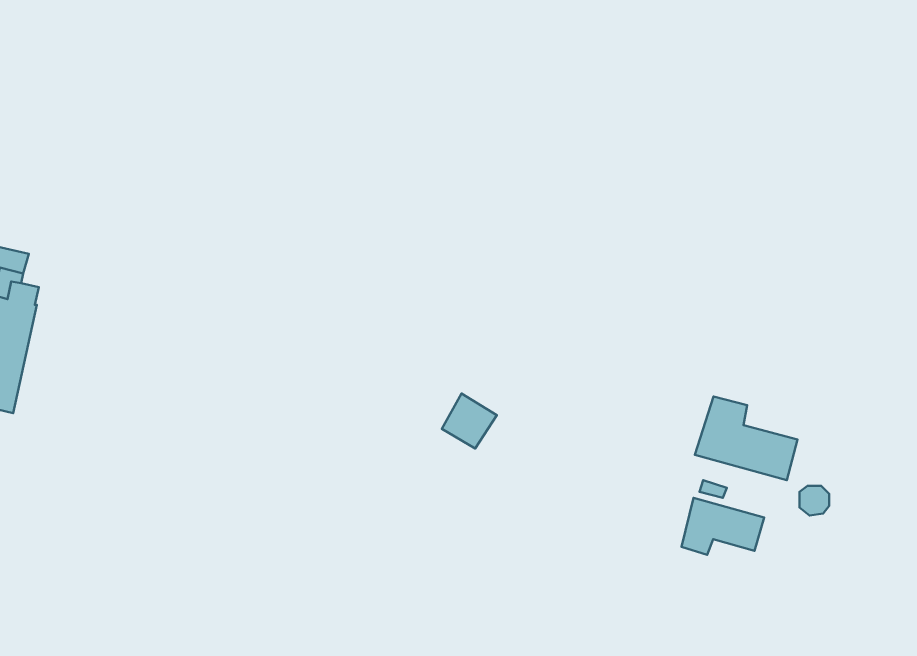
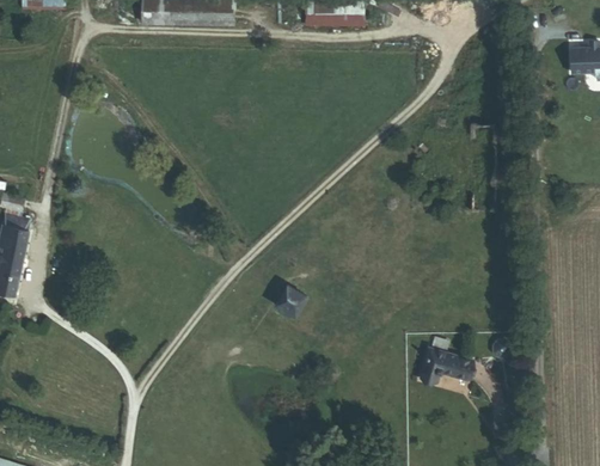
building: [695,397,797,480] -> none

